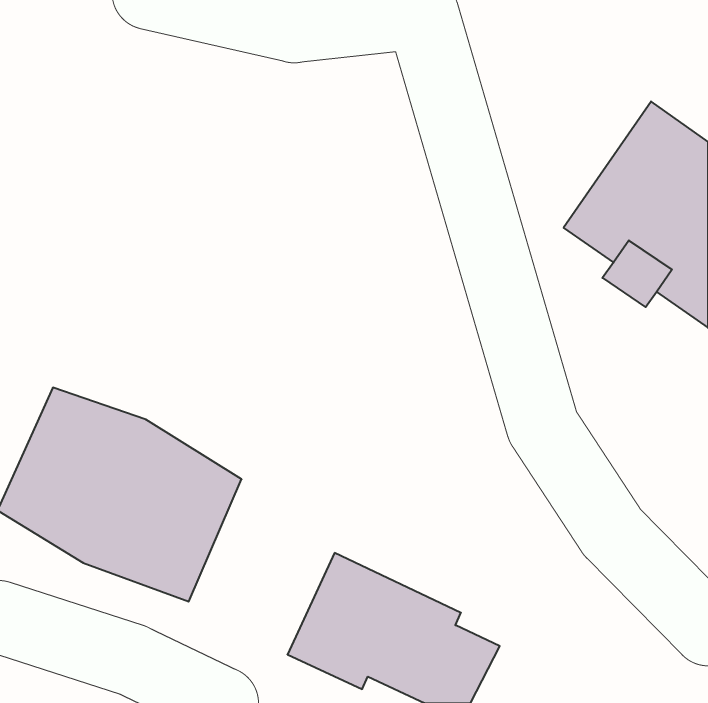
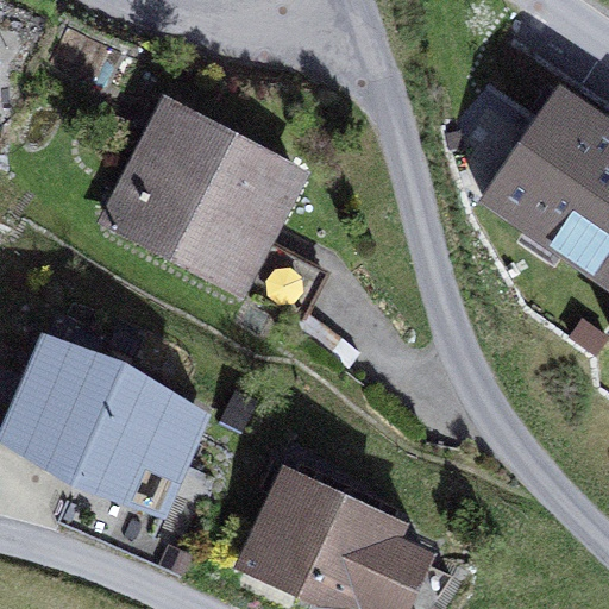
building: none -> [108,105,322,313]

